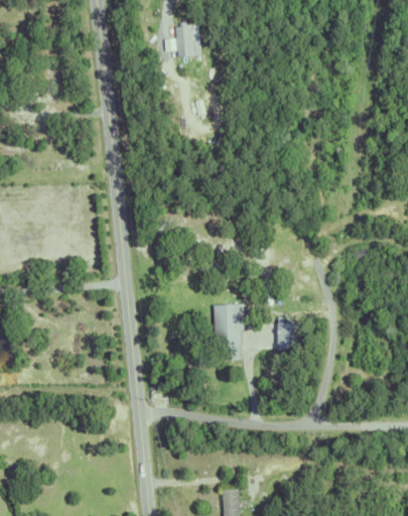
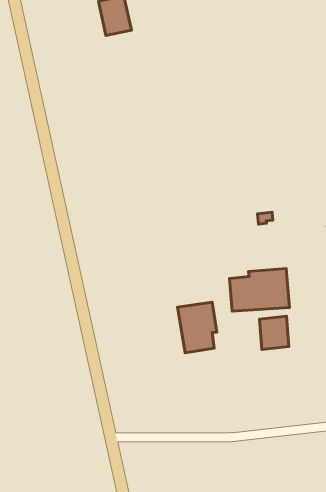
building: none -> [230,268,290,311]

